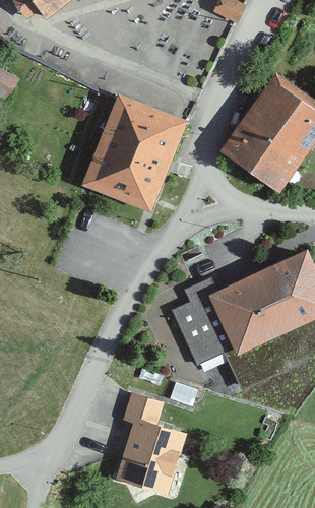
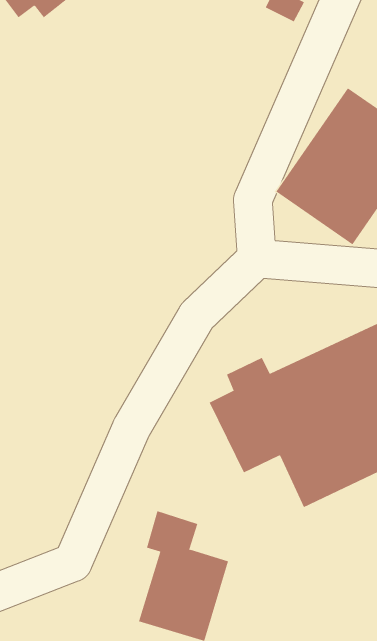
building: [81,94,187,212] -> none

